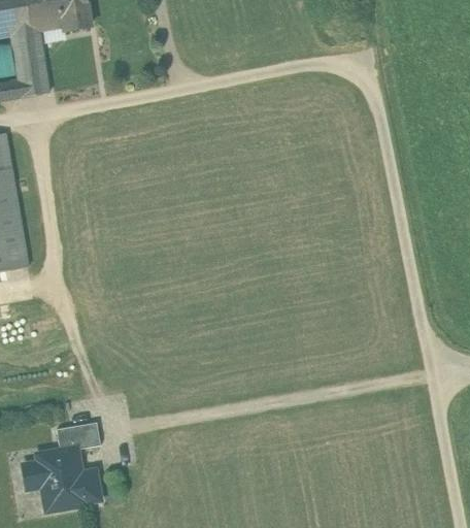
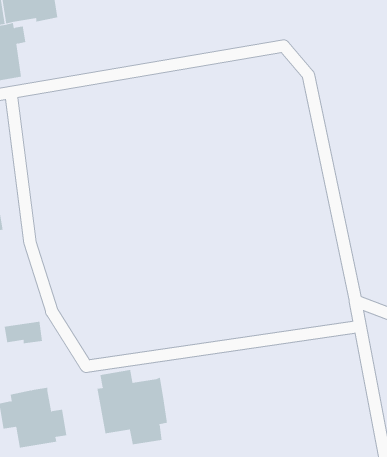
building: [57,423,101,449] -> [4,321,43,344]
building: none -> [97,369,167,445]

